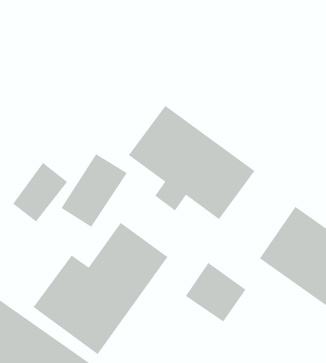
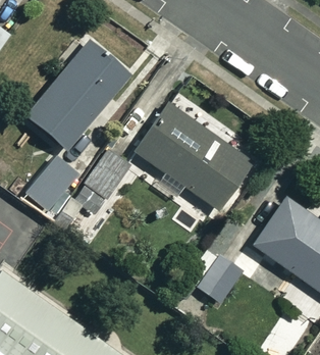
building: none -> [26,40,130,148]
building: [33,222,168,355] -> none

